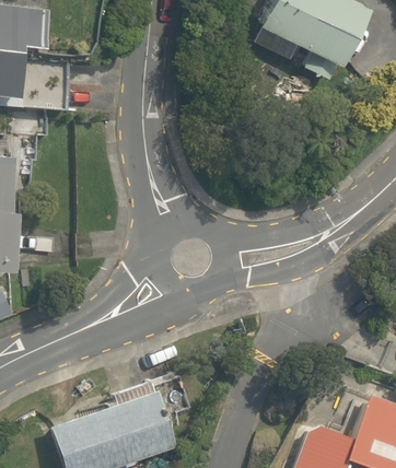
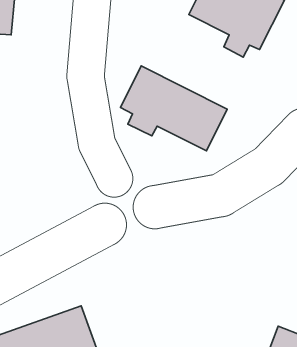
building: none -> [120,66,227,151]

